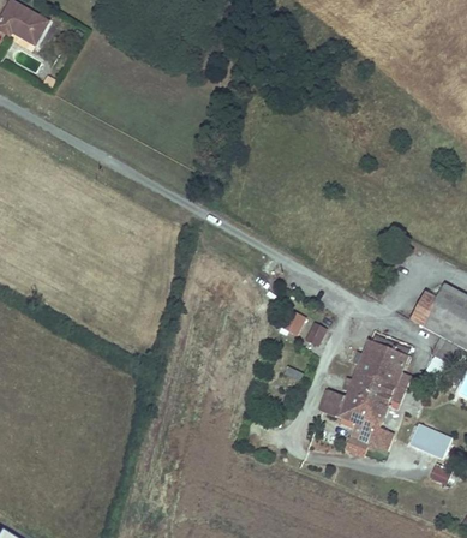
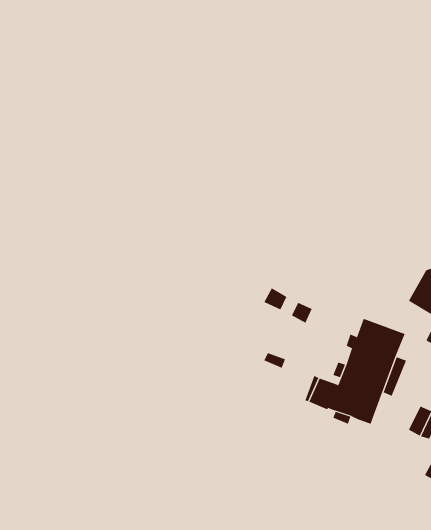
building: [360,426,396,453] -> none

